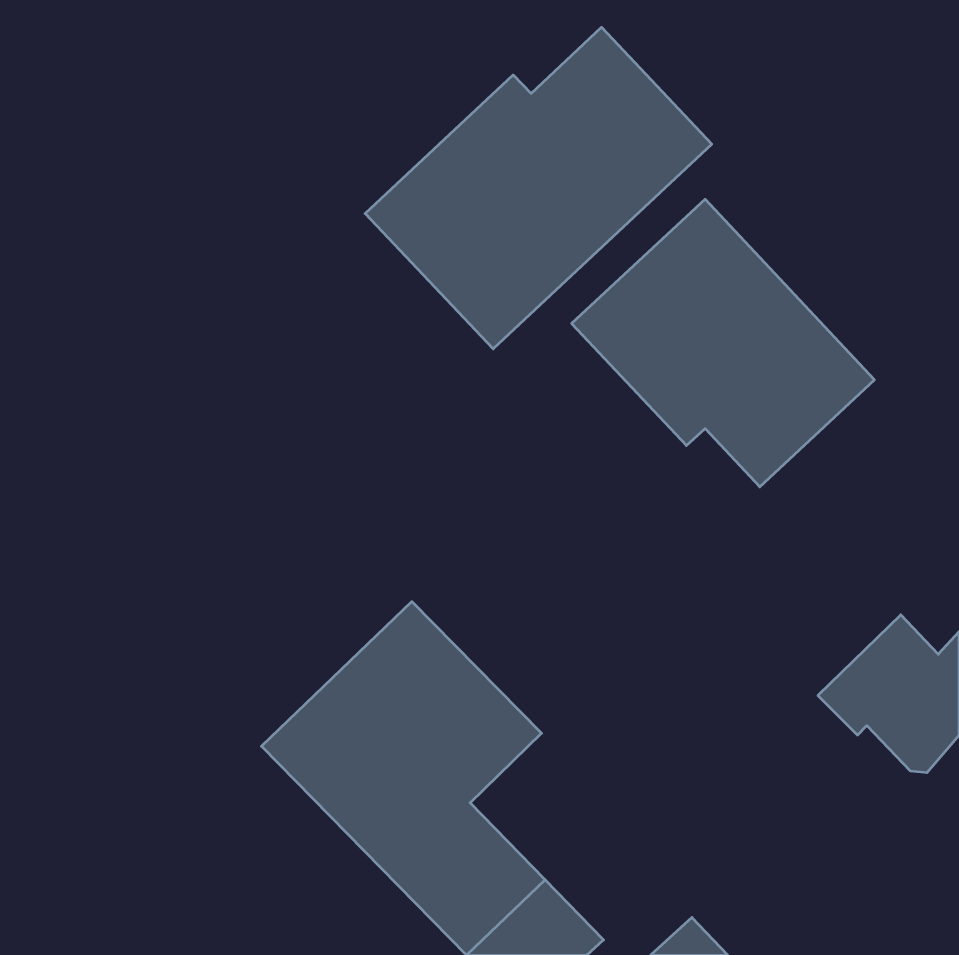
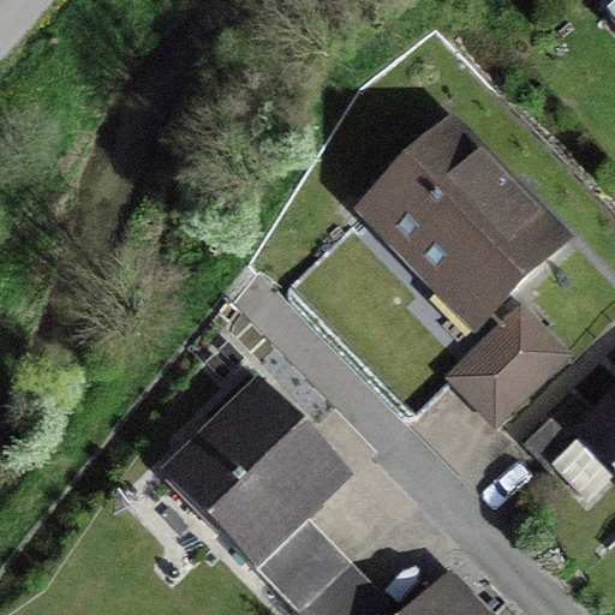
building: [365,27,712,349] -> none
building: none -> [449,309,563,422]

